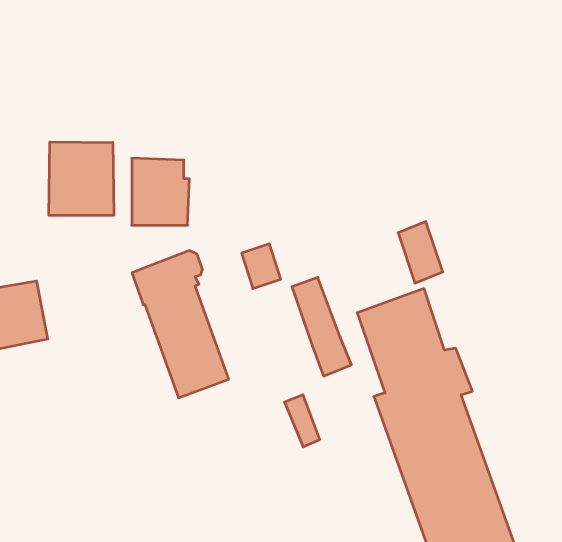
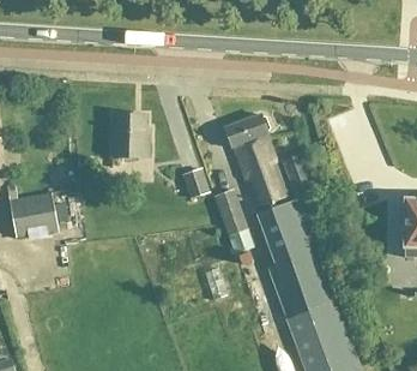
building: [49,142,114,215] -> none
building: [132,251,229,398] -> [224,113,286,208]

